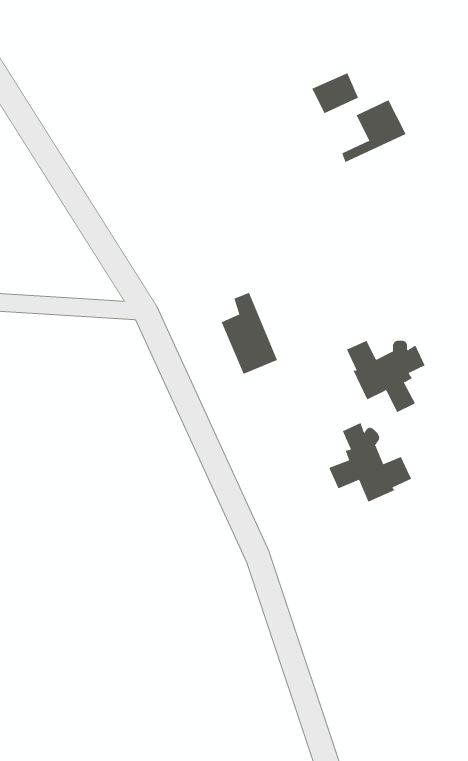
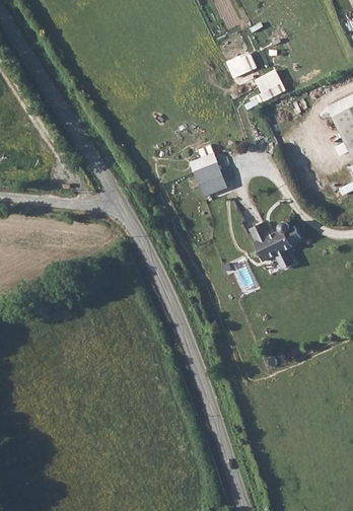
building: [221,292,278,374] -> [190,144,226,197]
building: [329,422,412,503] -> none

